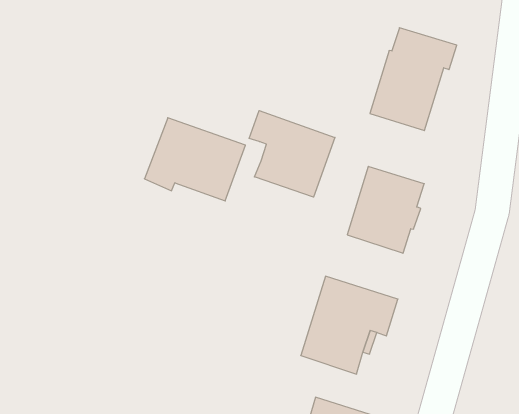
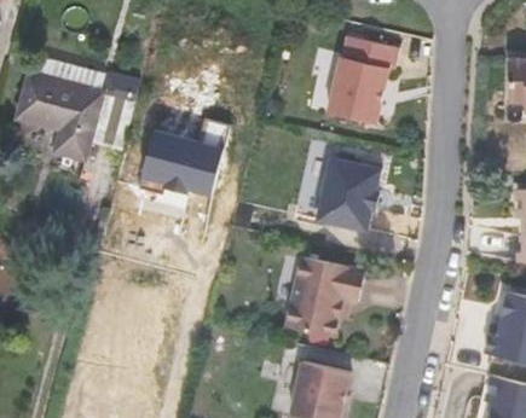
building: none -> [13,56,135,163]
building: [249,111,335,197] -> none

